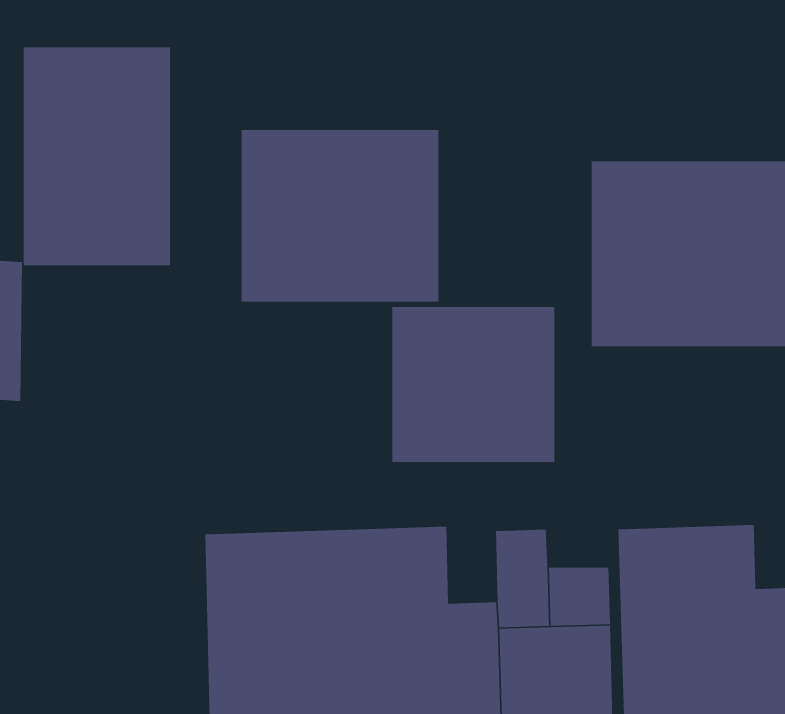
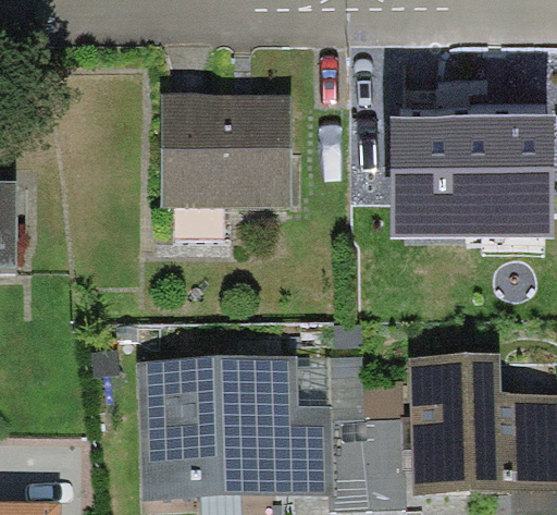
building: [23,46,171,266] -> none
building: [392,306,555,463] -> none

